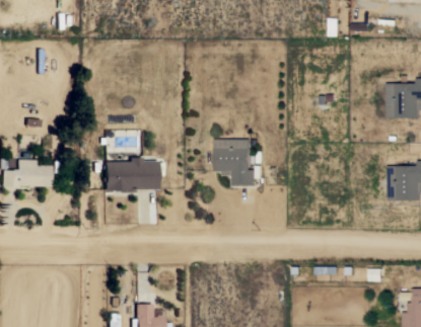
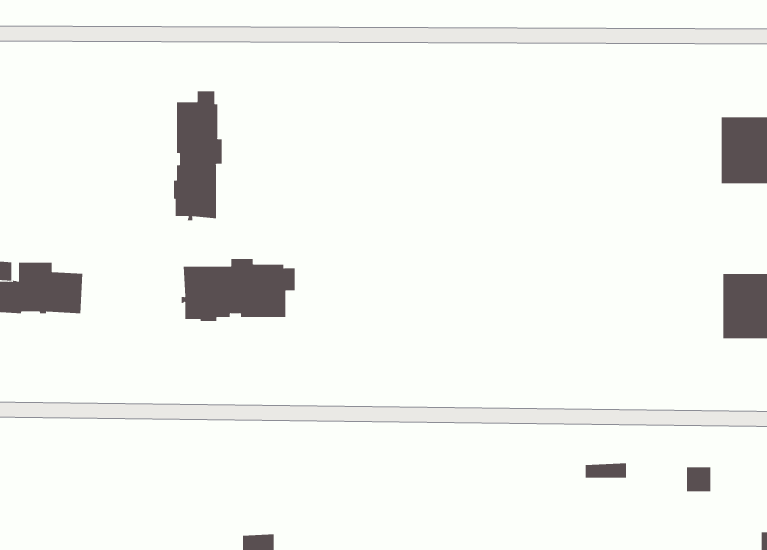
building: none -> [174,91,222,221]
building: [218,139,257,186] -> none

